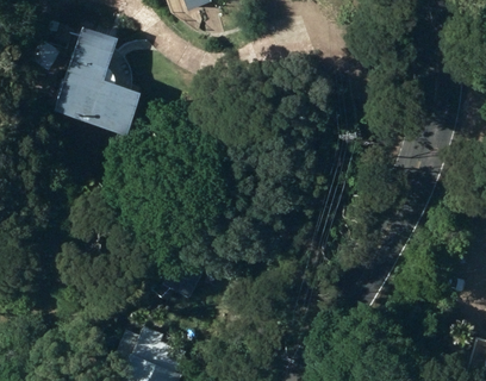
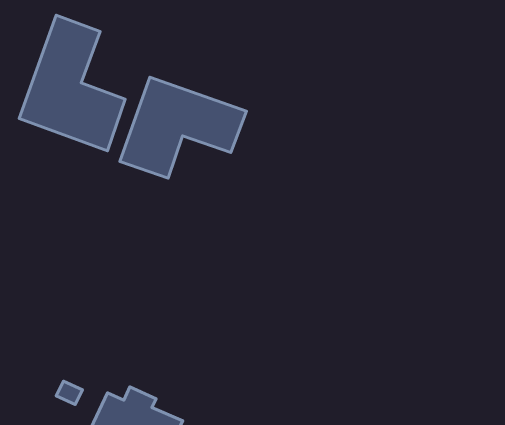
building: none -> [120,77,246,178]

